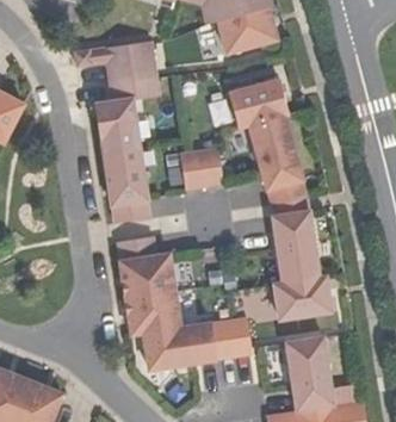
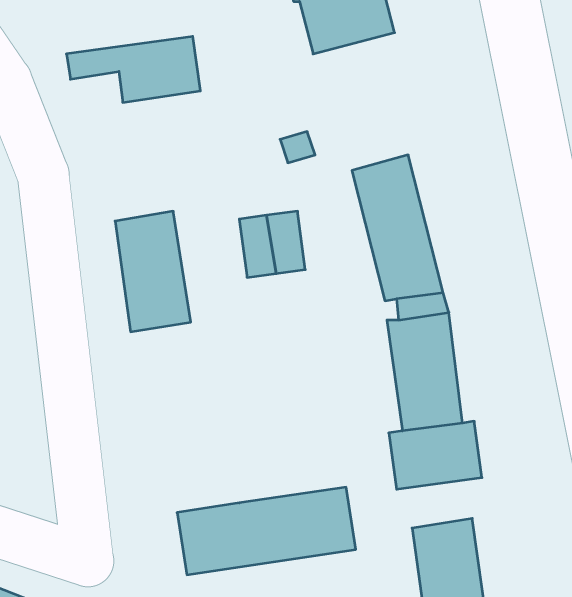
building: [97,75,161,155] -> none
building: [230,80,290,128] -> none
building: [118,237,181,335] -> none

